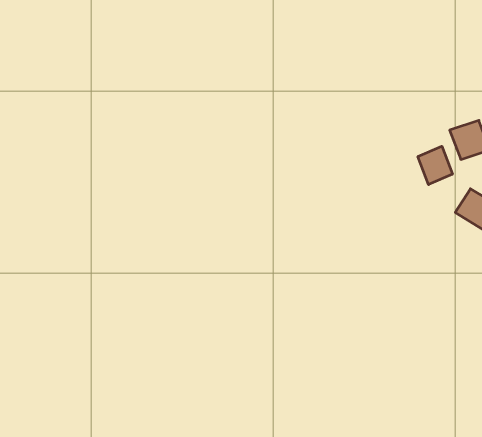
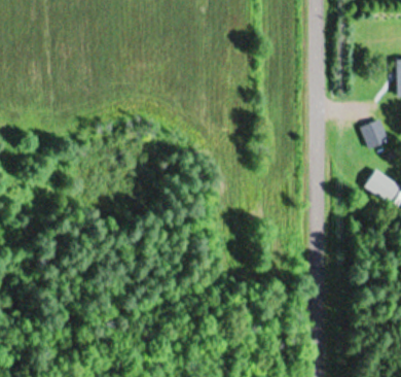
building: [418,146,452,185] -> none

